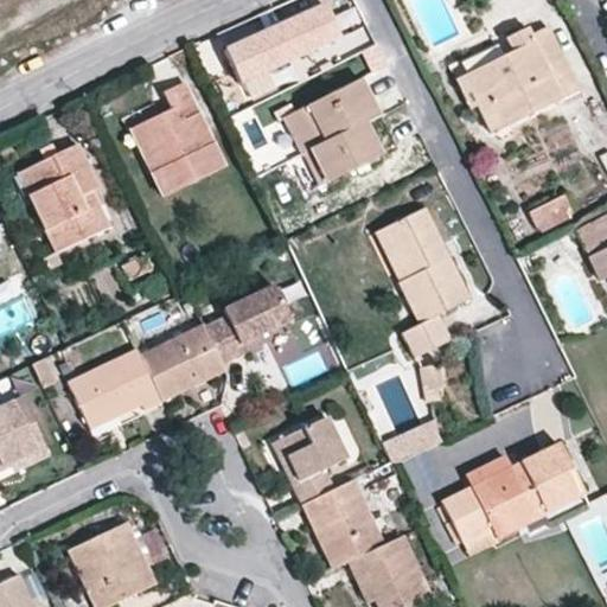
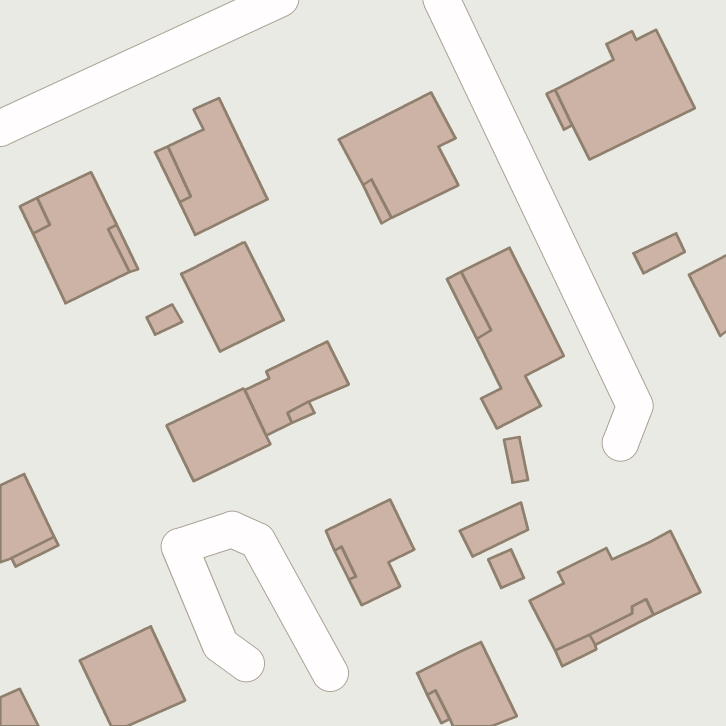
building: [234,11,344,85] -> none
building: none -> [181,242,284,352]
building: [68,349,162,421] -> none
building: [302,479,384,568] -> none

